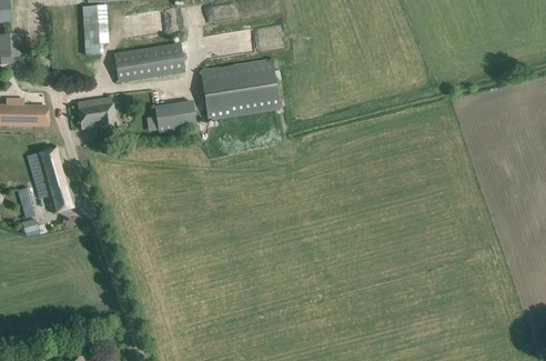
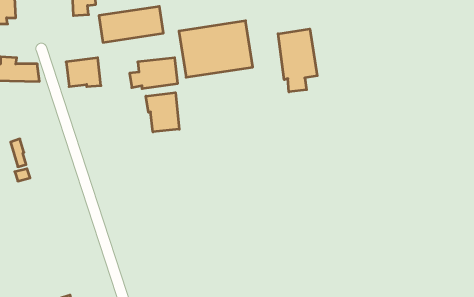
building: none -> [278,29,317,92]
building: none -> [146,93,179,132]
building: [27,147,75,212] -> none

